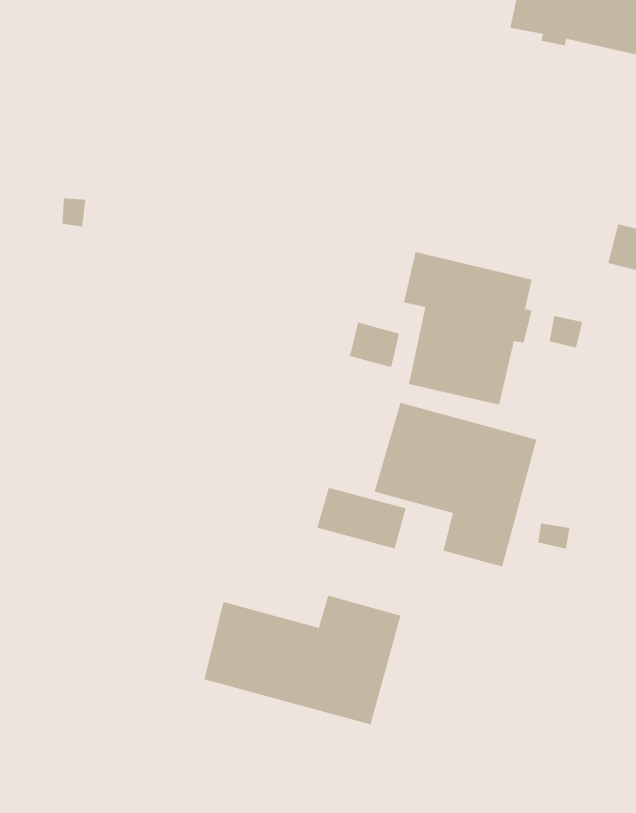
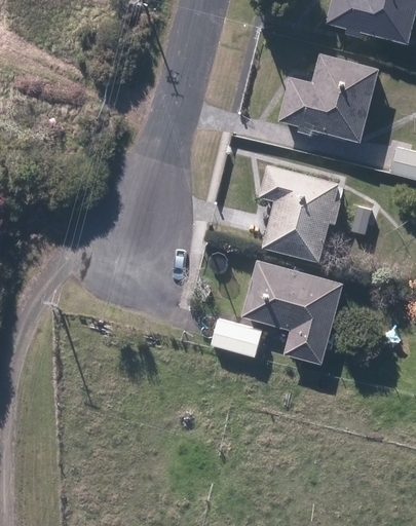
building: none -> [278,55,379,142]
building: [204,595,401,725] -> none

